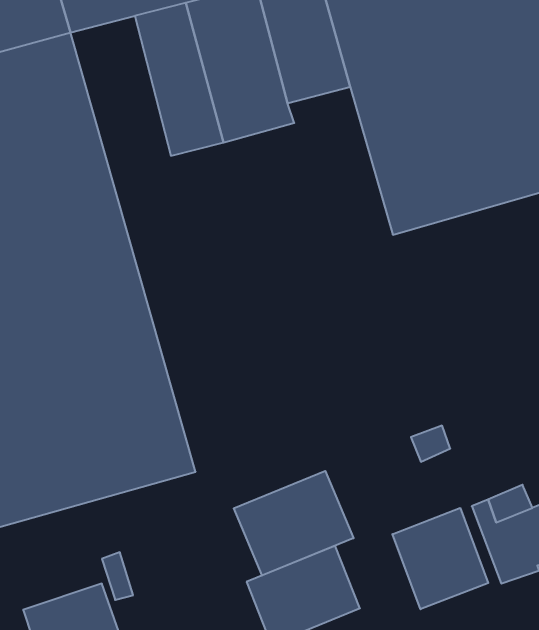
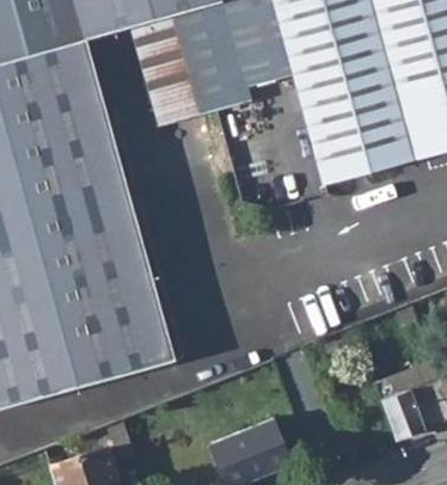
building: [234,471,354,576] -> none
building: [392,508,488,609] -> none

